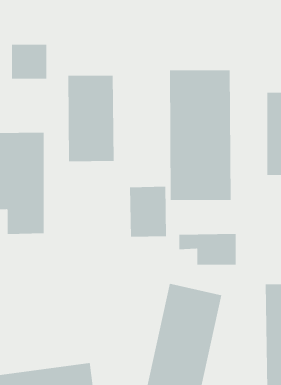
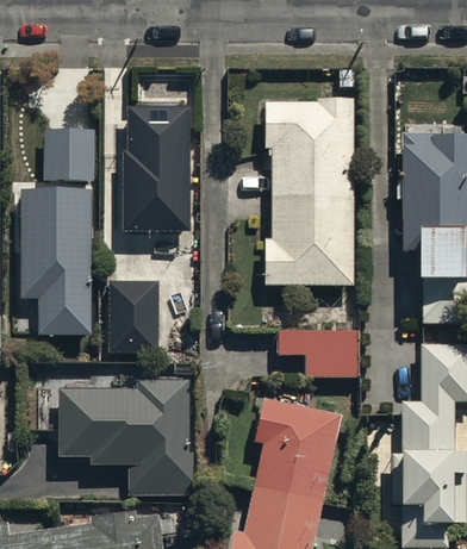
building: [11,44,47,79] -> [45,129,95,177]
building: [129,186,167,237] -> [107,281,160,353]
building: none -> [58,383,191,493]

